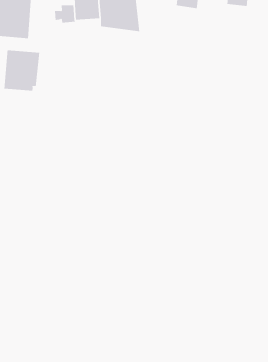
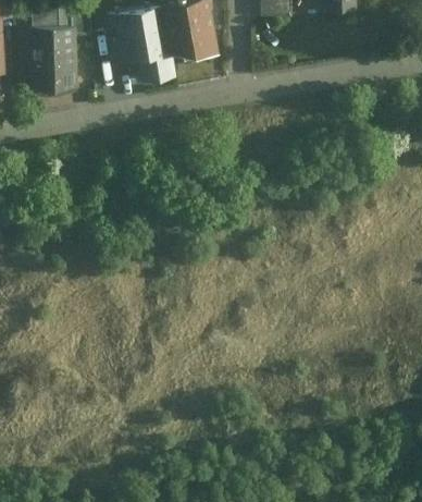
building: none -> [132,47,167,84]
building: [4,49,40,92] -> none

